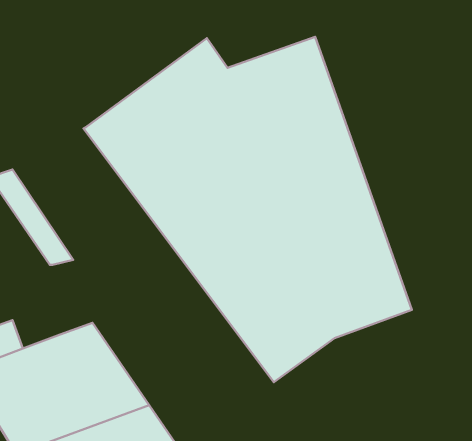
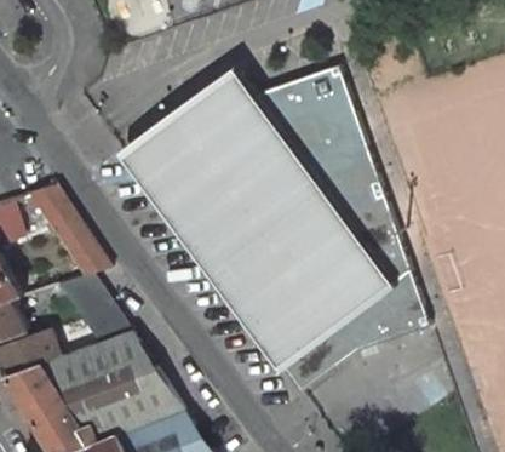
building: none -> [59,280,127,345]

